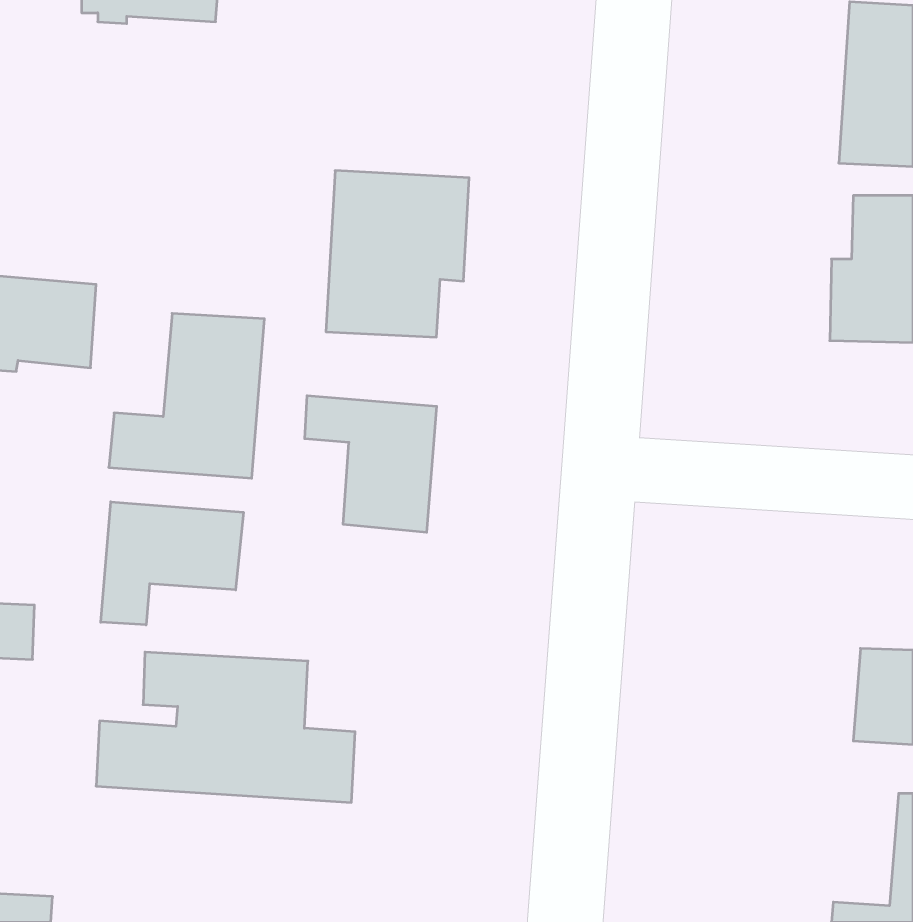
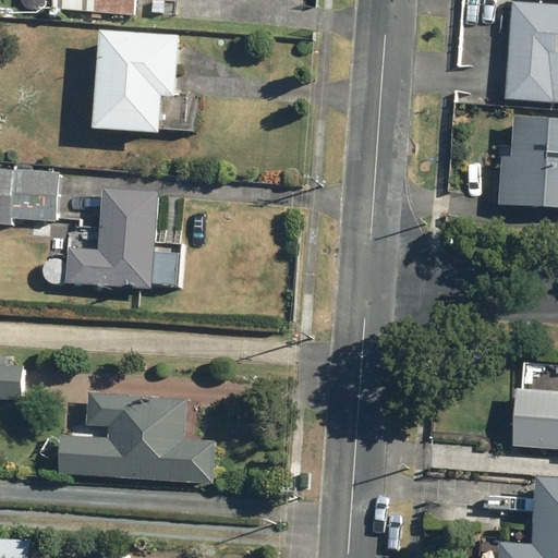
building: [326,171,469,337] -> [97,32,183,132]
building: [305,396,437,532] -> none
building: [101,502,243,625] -> none

